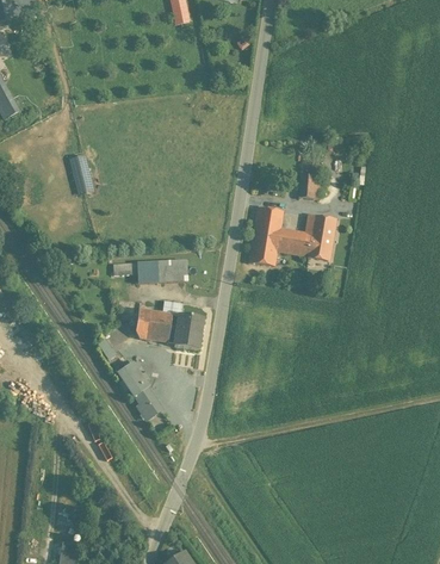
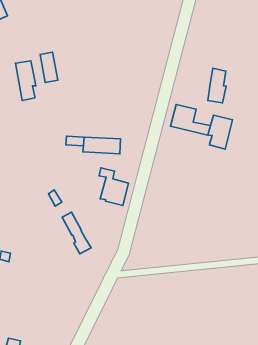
building: none -> [15,61,36,101]
building: [248,235,309,264] -> none
building: [135,308,172,342] -> none

